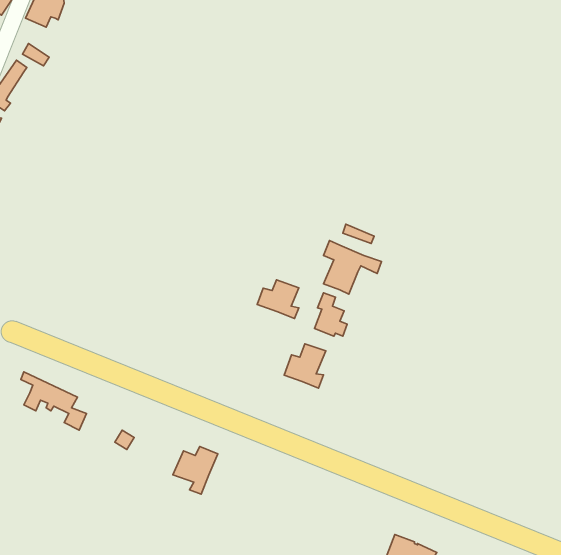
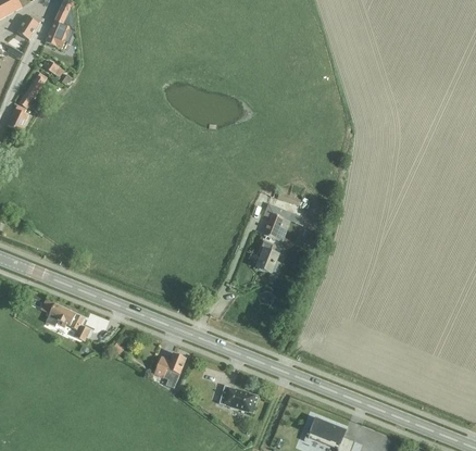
building: [257,280,299,318] -> none
building: [284,344,326,388] -> none
building: none -> [217,385,258,413]

